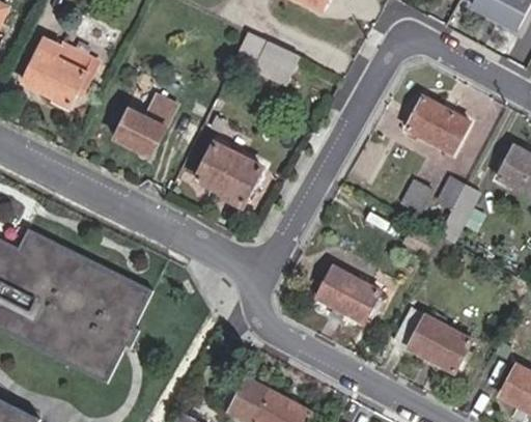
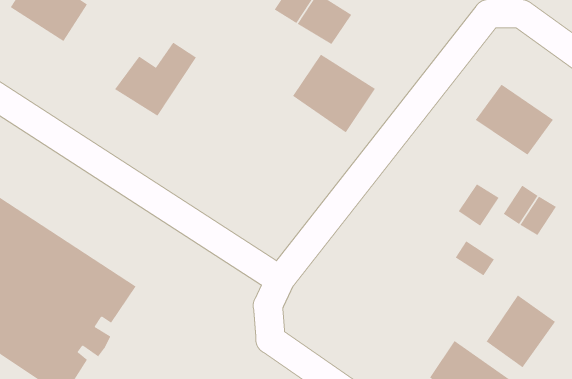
building: [195,142,261,203] -> [292,54,376,133]
building: none -> [486,295,556,368]
building: [315,265,379,321] -> none

